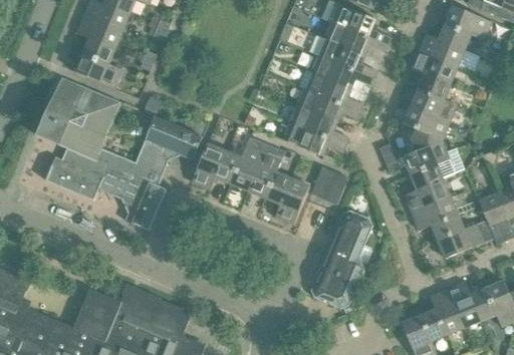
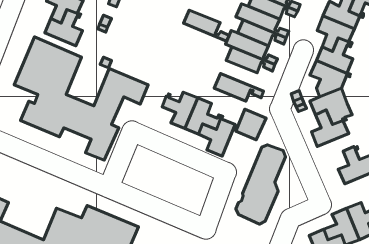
building: [291,105,347,143] -> [184,10,229,41]
building: [191,142,236,189] -> none
building: [411,196,460,240] -> none

